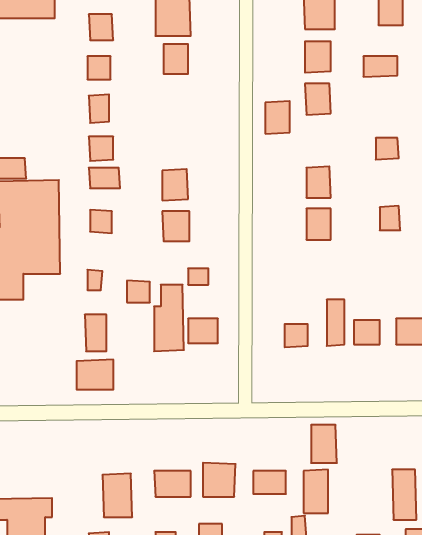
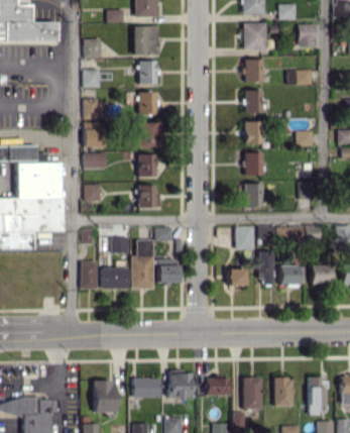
building: none -> [138,91,157,114]
building: [265,101,290,134] -> [245,120,263,144]
building: none -> [135,121,160,146]
building: none -> [235,226,254,249]
building: [77,360,113,390] -> [101,266,128,289]
building: [311,425,337,463] -> [274,377,294,406]

